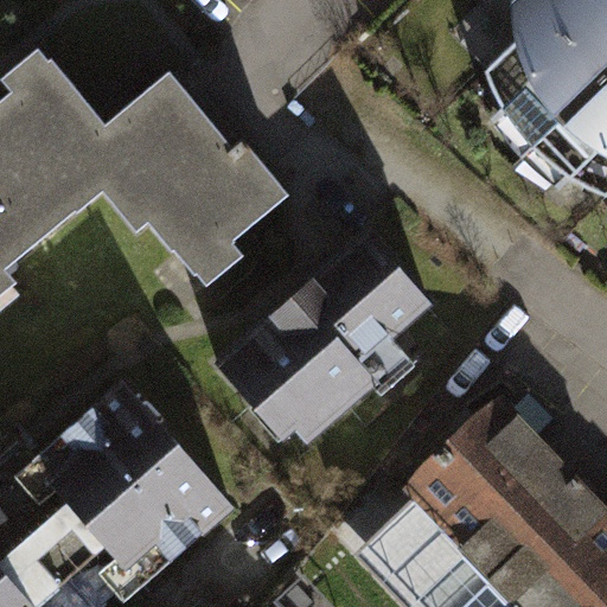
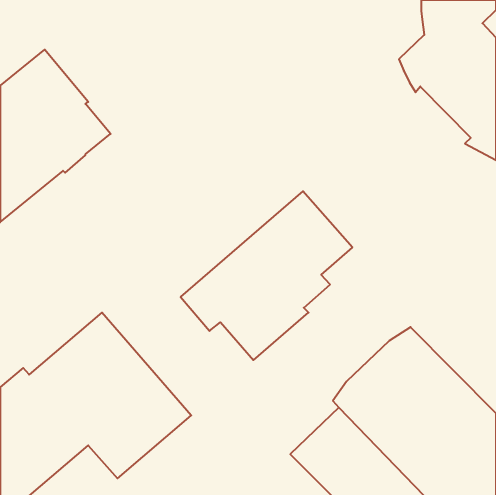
building: [104,74,289,273] -> none

